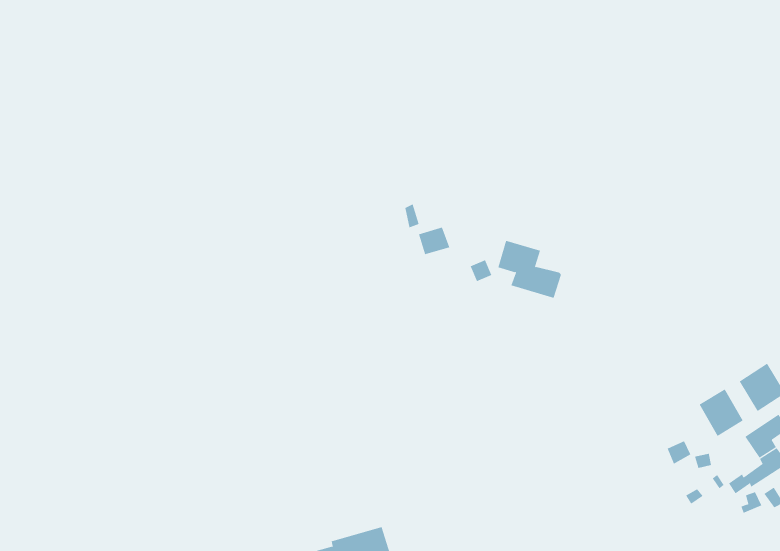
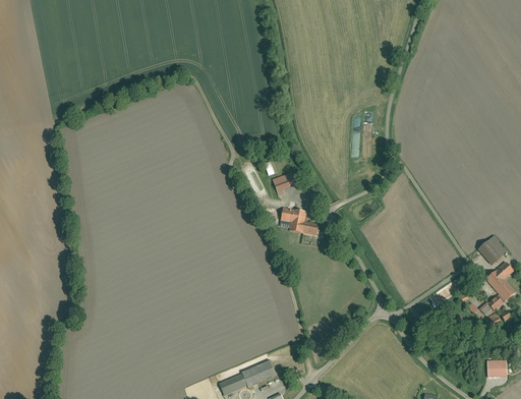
building: [498,240,562,299] -> [280,207,320,239]
building: [699,388,744,437] -> none

